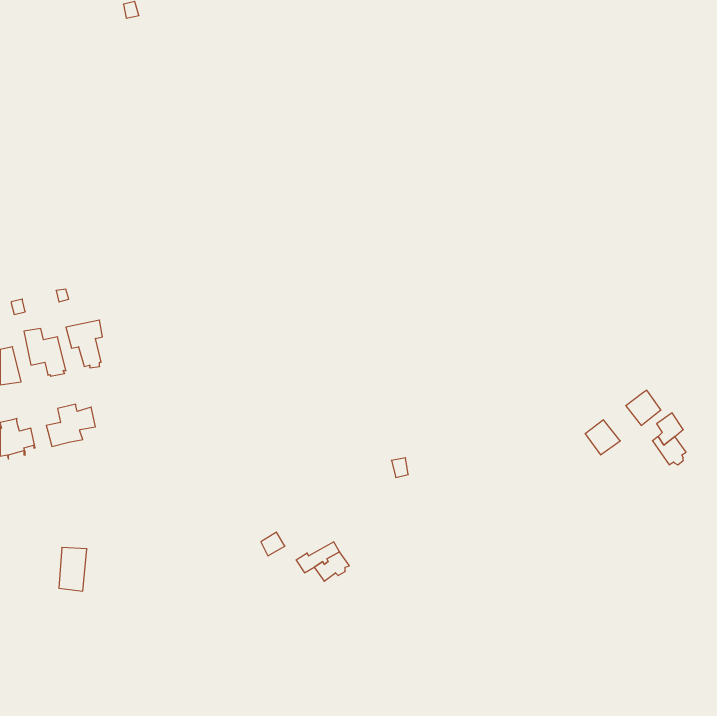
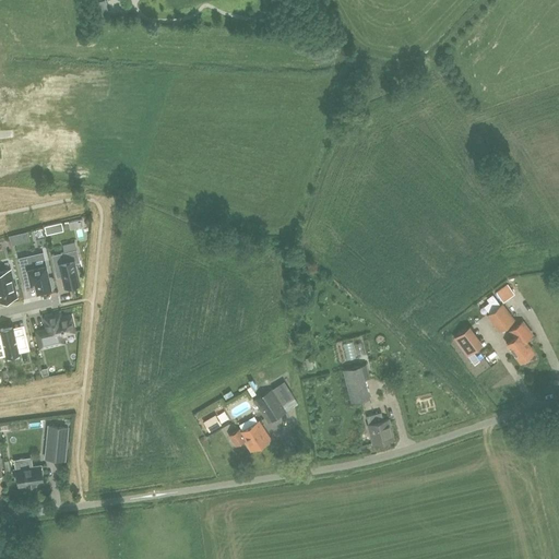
building: none -> [343,365,370,403]
building: none -> [255,383,295,424]
building: none -> [367,413,394,445]
building: none -> [14,466,44,487]

